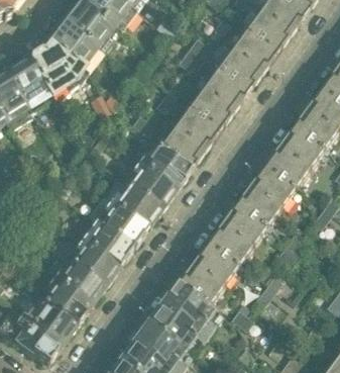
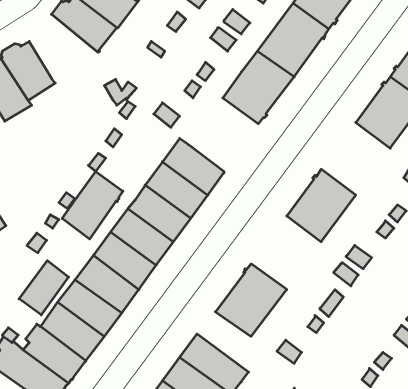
building: [26,39,84,102] -> none
building: [157,108,215,169] -> none
building: [266,128,323,188] -> none
building: none -> [62,172,123,239]
building: [209,205,266,266] -> none
building: none -> [19,261,69,315]
building: [164,283,221,334] -> none

